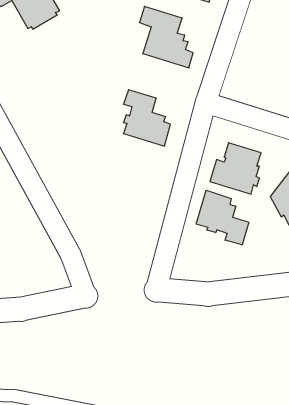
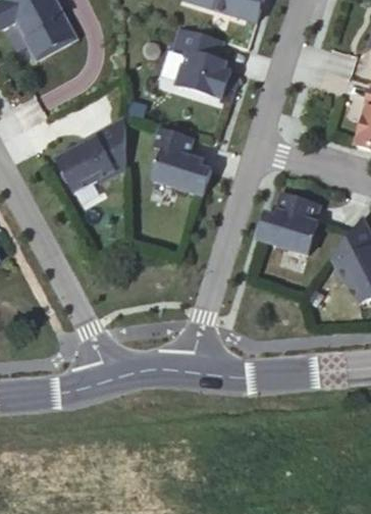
building: none -> [57,117,125,192]
building: [196,190,249,245] -> none

